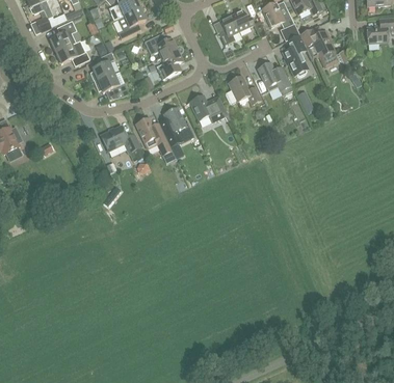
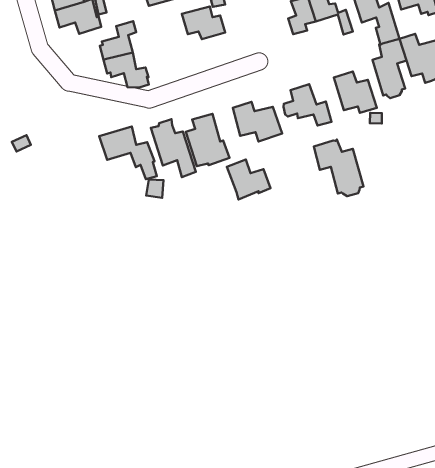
building: [155,49,182,79] -> none
building: none -> [314,140,363,196]
building: none -> [227,159,270,200]

